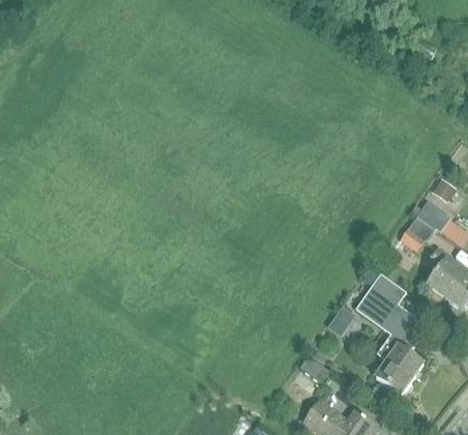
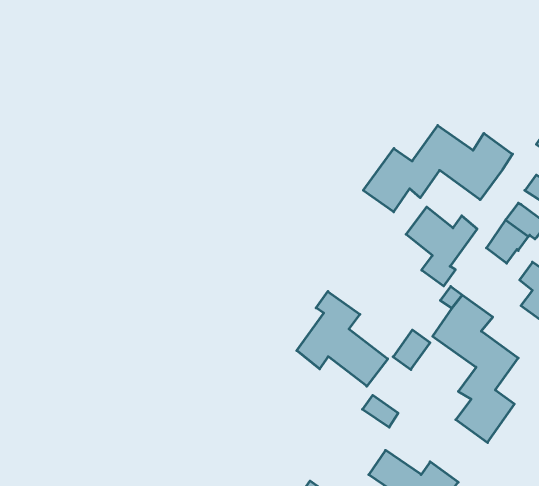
building: none -> [363,125,513,212]
building: none -> [406,207,477,286]
building: none -> [297,291,388,386]

